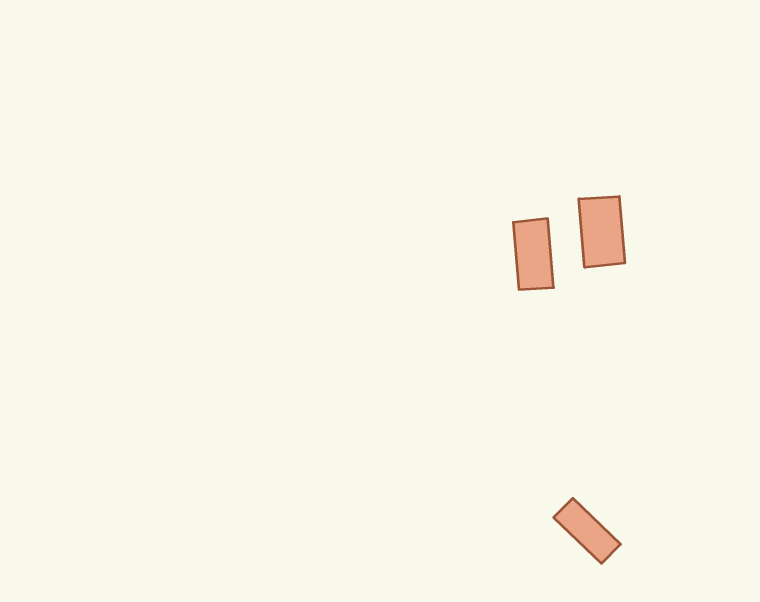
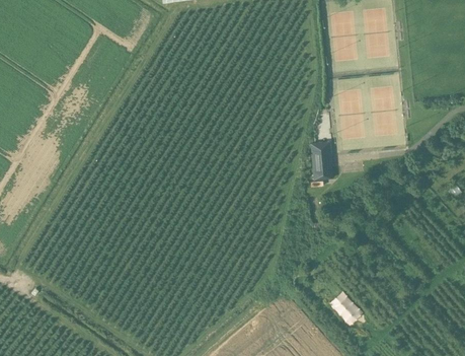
building: [579,196,625,267] -> none

